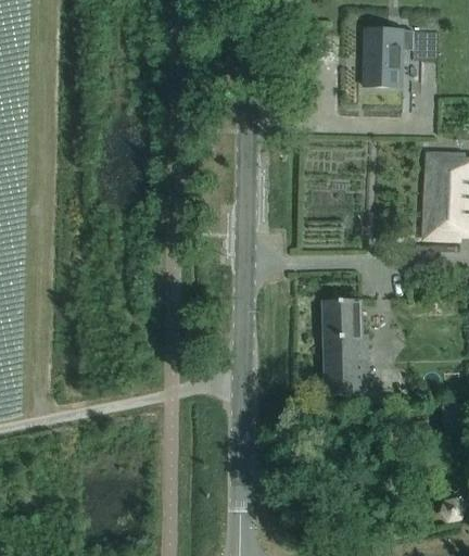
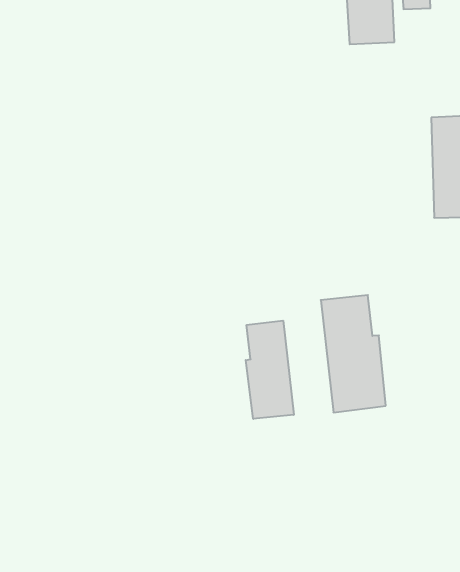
building: none -> [246,321,294,419]

